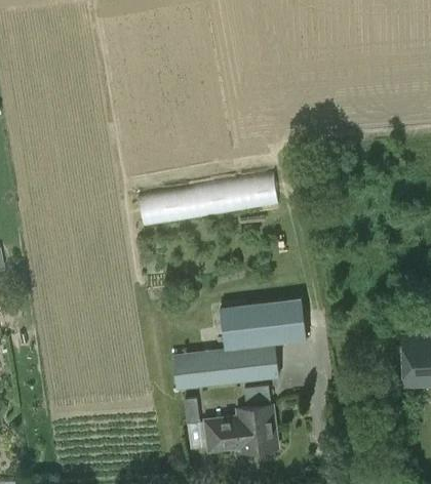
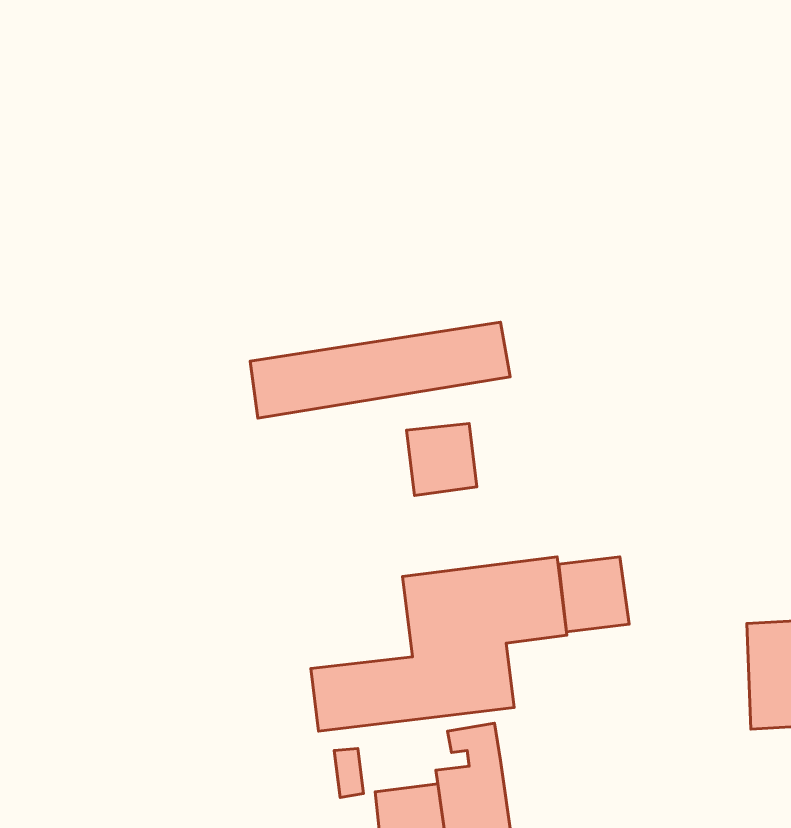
building: none -> [406,423,477,496]
building: none -> [559,557,629,632]

